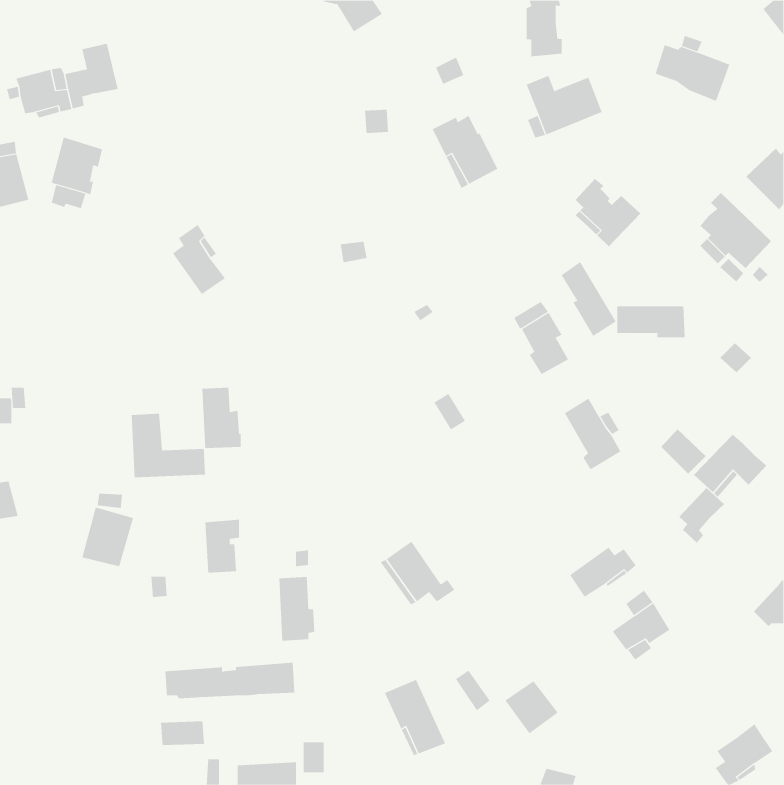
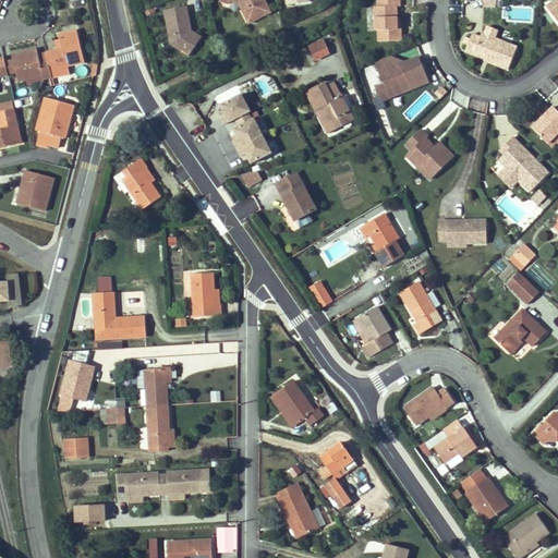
building: none -> [160,9,195,59]
building: none -> [214,93,271,166]
building: none -> [15,171,53,211]
building: none -> [274,171,314,219]
building: [561,261,616,337] -> none
building: [201,387,241,449] -> [192,274,220,317]
building: [660,429,707,475] -> [507,272,539,305]
building: none -> [357,307,391,357]
building: [679,487,725,544] -> none
building: [278,576,315,641] -> [147,405,173,451]
building: none -> [65,438,88,459]
building: none -> [465,480,507,521]
building: [505,680,558,734] -> [315,437,353,475]
building: [160,721,205,746] -> [72,505,104,522]

